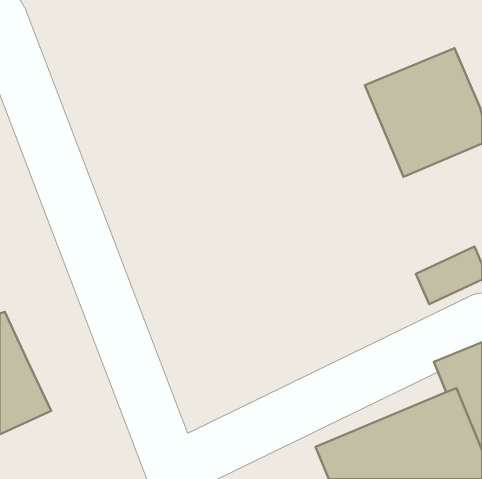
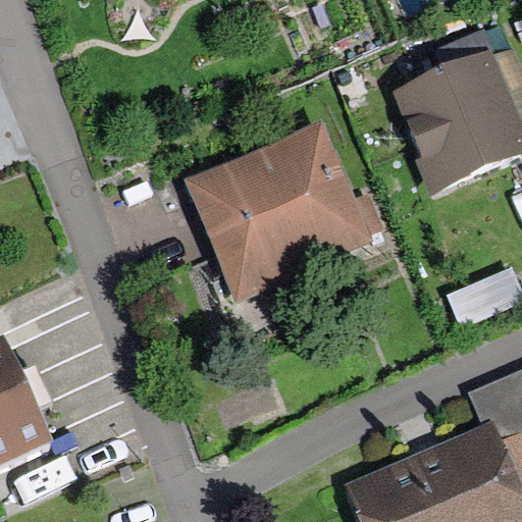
building: none -> [187,124,381,303]

